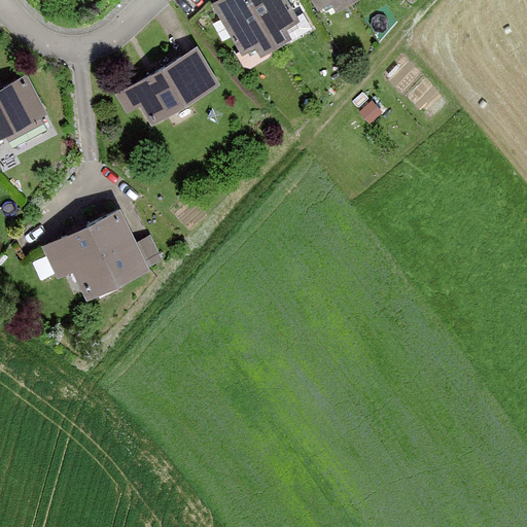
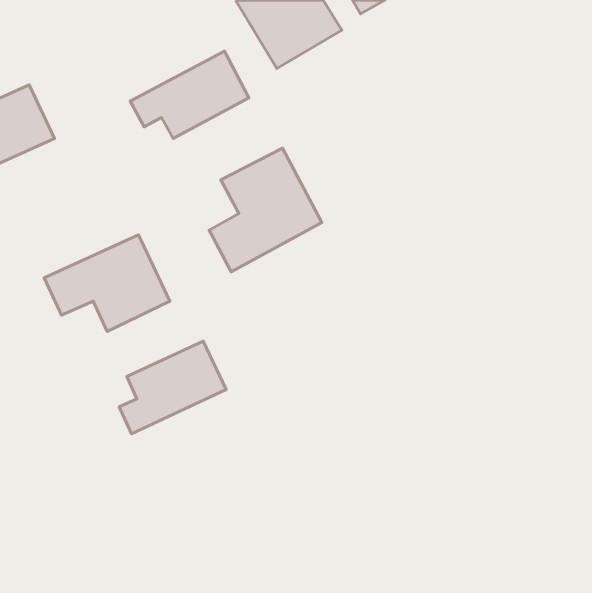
building: none -> [209,148,322,272]
building: none -> [119,341,226,434]

